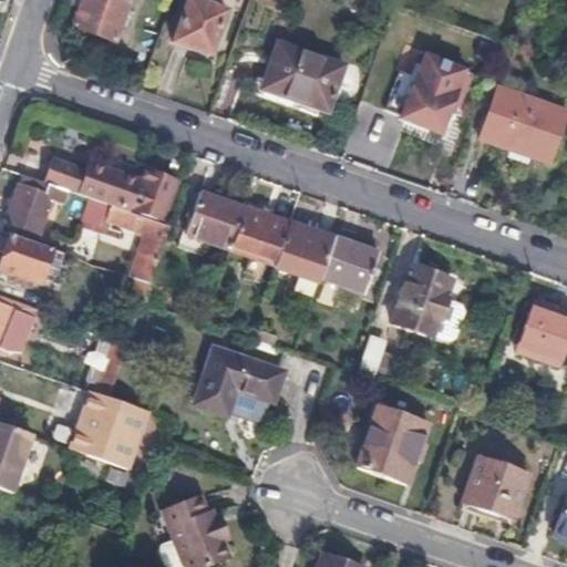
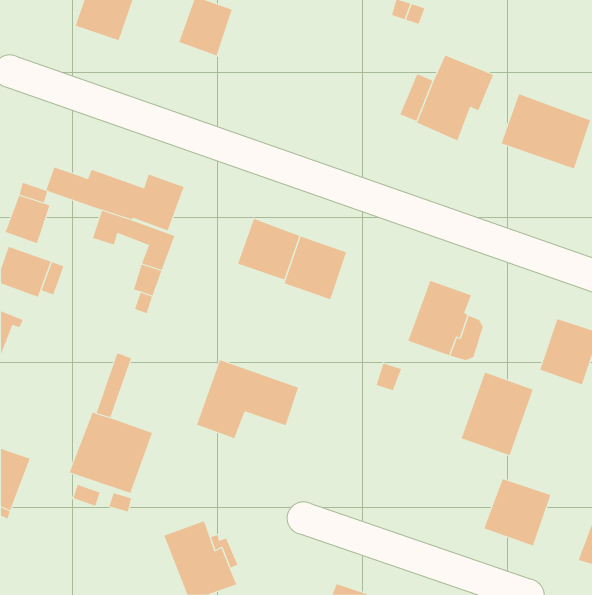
building: [261,42,343,110] -> none
building: [185,192,245,250] -> none
building: [320,239,378,295] -> none
building: [358,403,426,483] -> [461,372,533,456]

